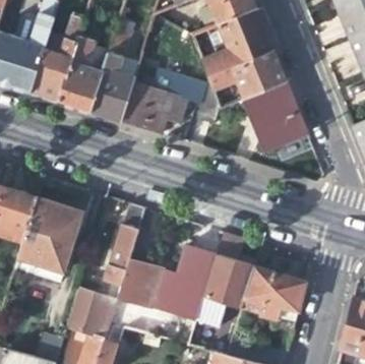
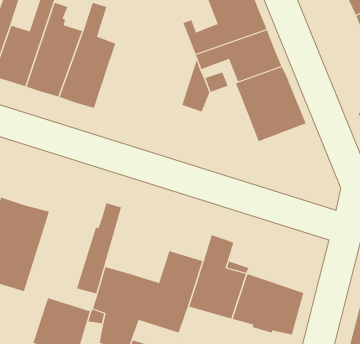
building: [119,67,190,133] -> none

